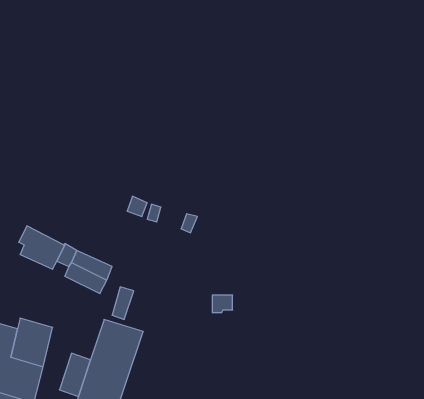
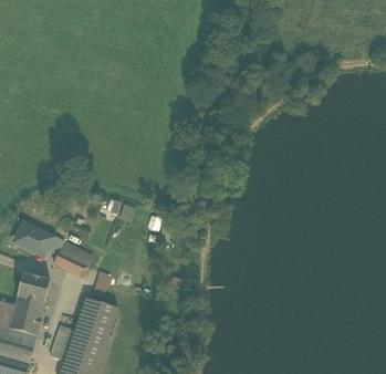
building: none -> [17,273,50,303]

